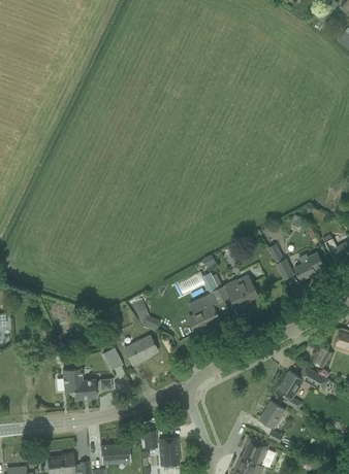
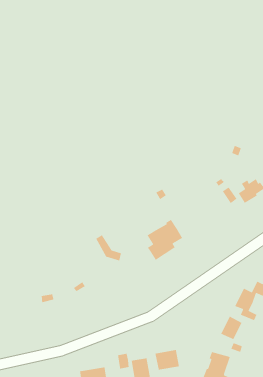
building: [218,275,258,306] -> none
building: [124,336,157,366] -> none
building: [62,368,110,400] -> none
building: none -> [155,349,180,371]

